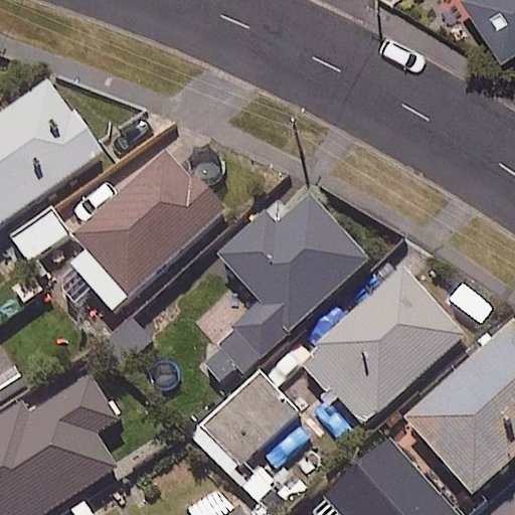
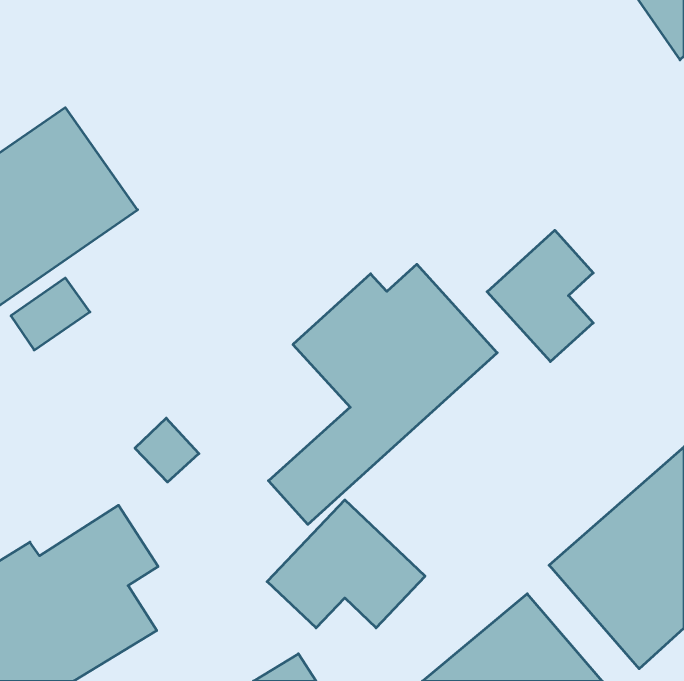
building: [71,151,223,313] -> none
building: none -> [487,230,593,362]
building: [302,268,464,426] -> none

